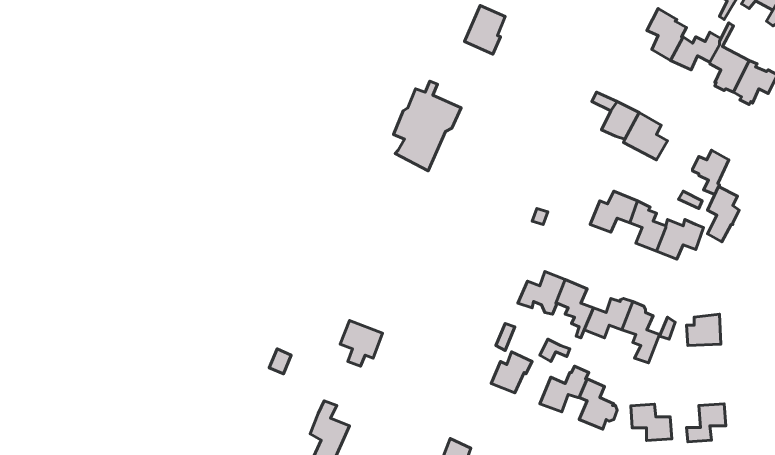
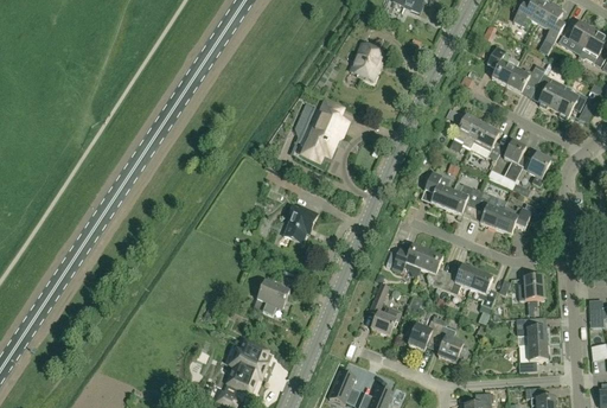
building: none -> [426,171,453,208]
building: [708,187,739,242] -> [504,139,528,180]
building: none -> [283,206,318,242]
building: [631,404,672,440] -> [516,317,547,344]

